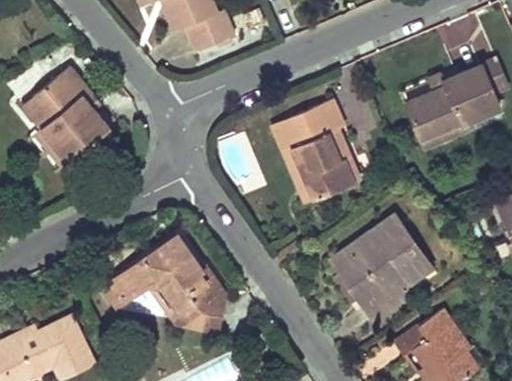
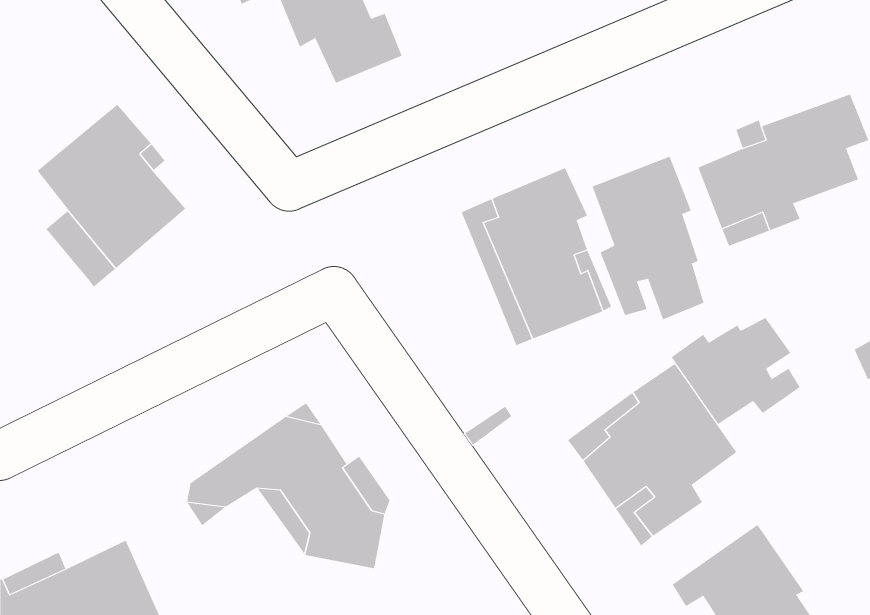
building: none -> [592,156,704,320]
building: none -> [671,317,801,425]

